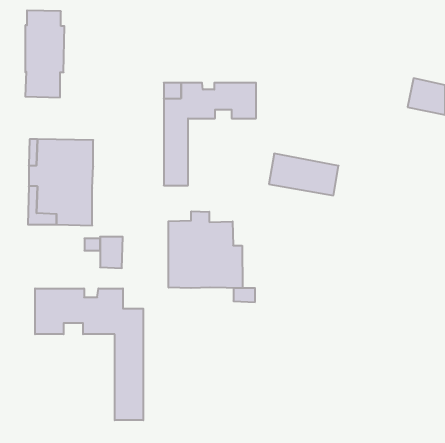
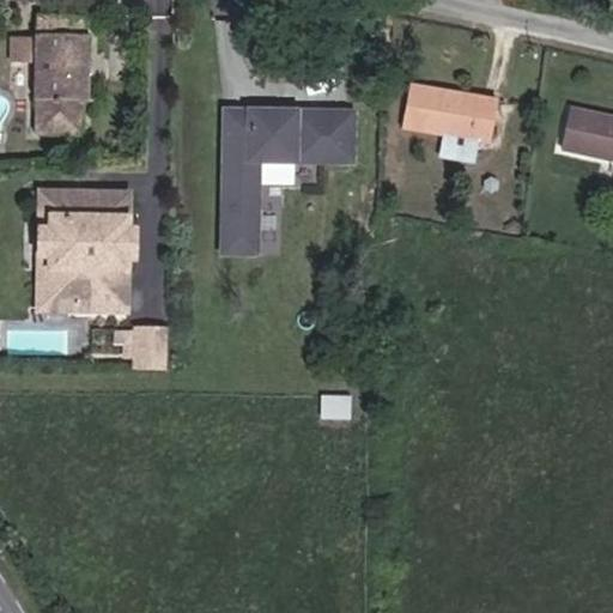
building: [269,154,339,195] -> [402,84,498,141]
building: [168,211,242,288] -> none
building: [35,288,143,420] -> none

